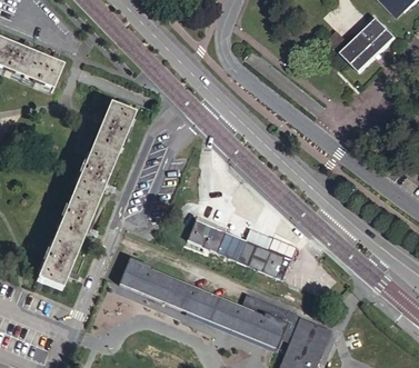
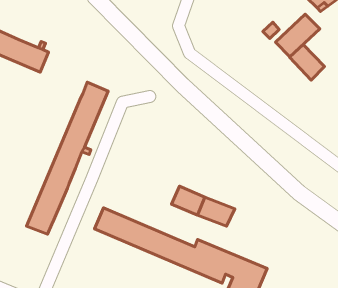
building: none -> [289,44,325,80]
building: [188,219,223,252] -> none

